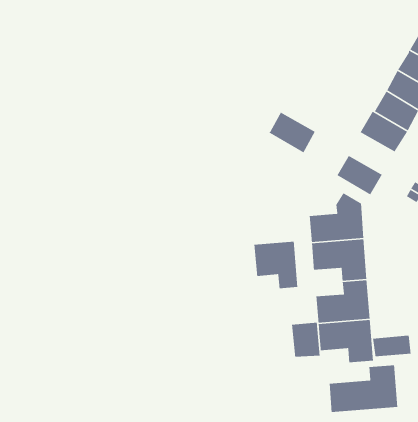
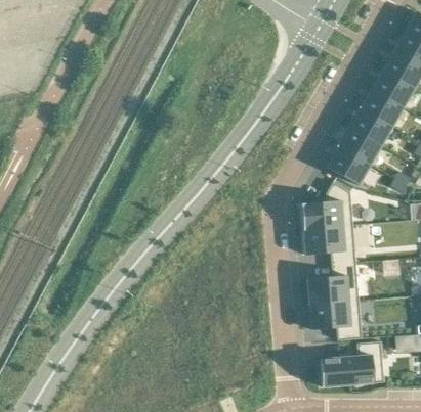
building: [267,111,316,153] -> [336,127,381,166]
building: [254,241,298,289] -> none
building: [291,322,320,357] -> none
building: [372,335,411,357] -> none

